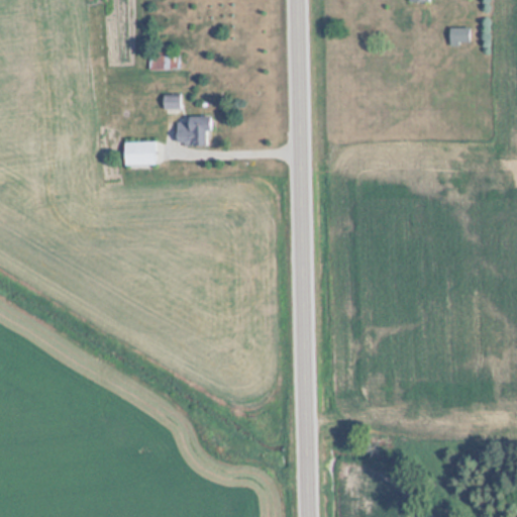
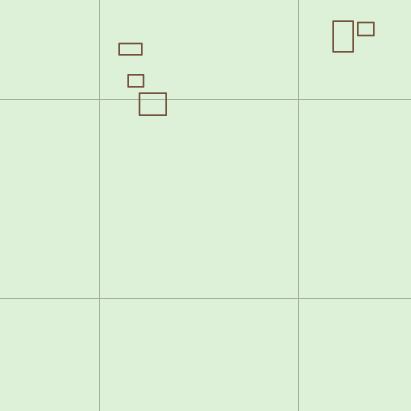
building: none -> [333,21,353,52]
building: [123,142,156,166] -> none

